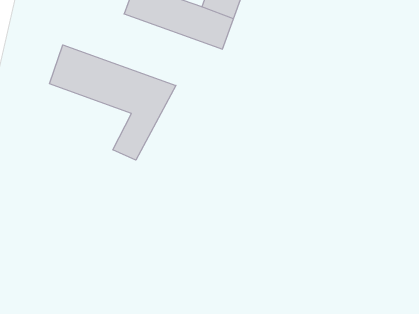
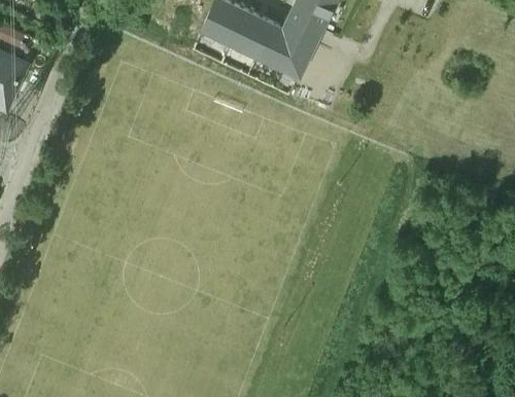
building: [49,45,176,160] -> none

